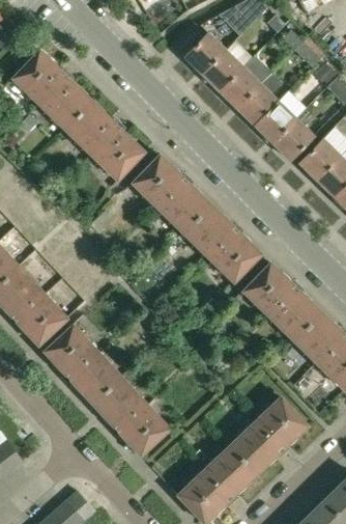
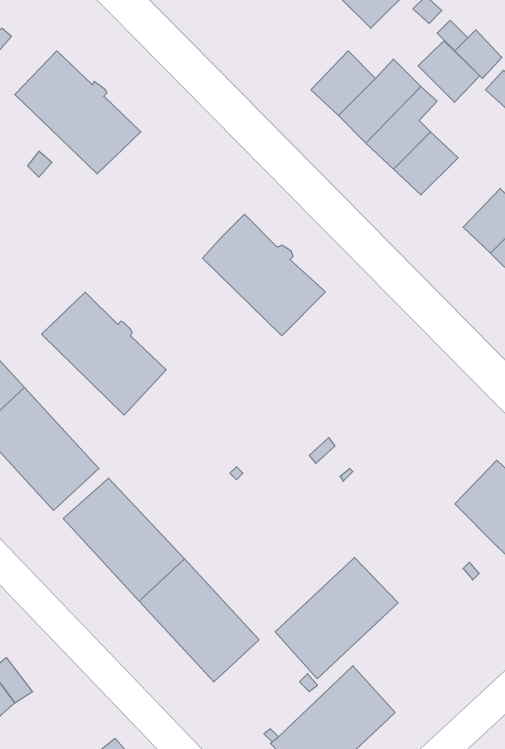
building: [184,33,226,76] -> none
building: none -> [418,41,480,102]
building: [65,103,145,182] -> [42,292,166,415]
building: [272,119,314,161] -> none
building: [183,205,261,282] -> none
building: [243,264,321,341] -> none
building: [229,397,308,475] -> [275,557,398,679]

